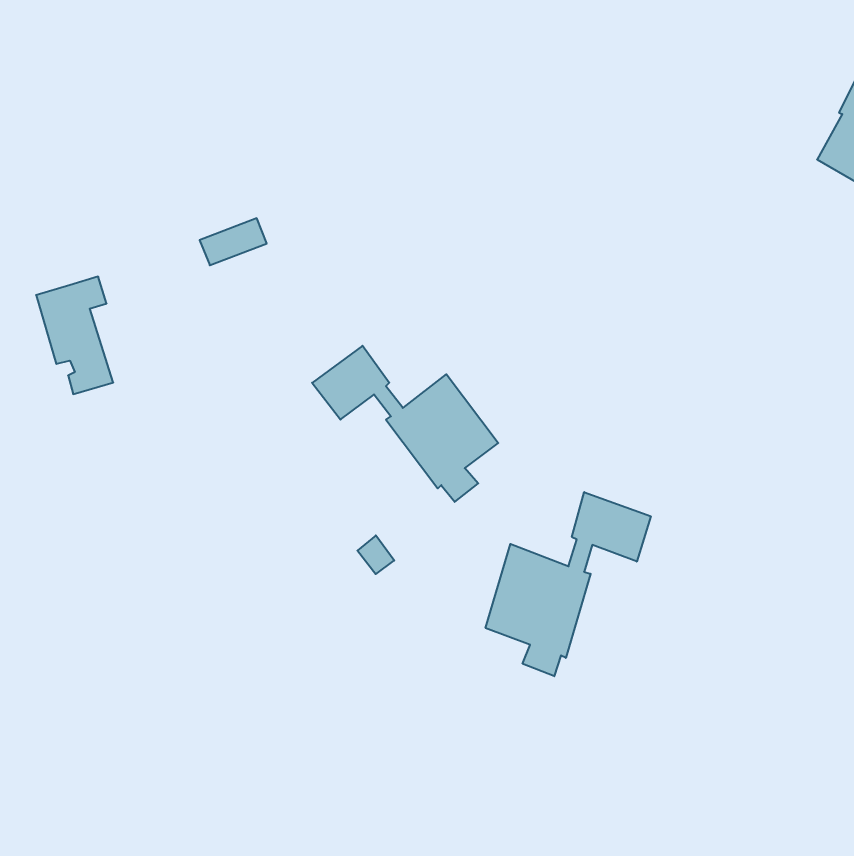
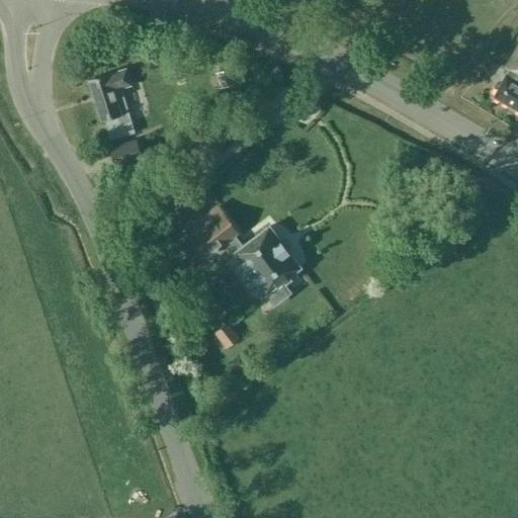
building: [36,277,113,394] -> [90,70,137,141]
building: [486,492,651,676] -> none

